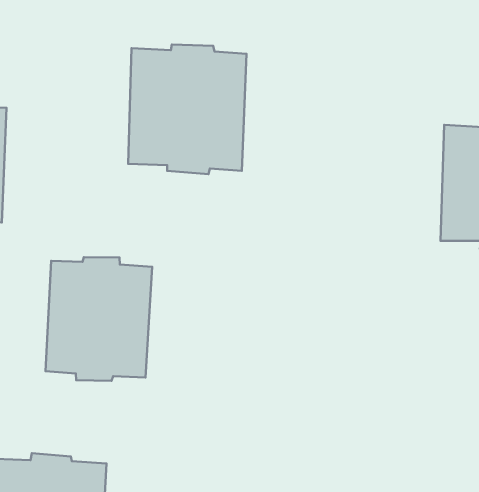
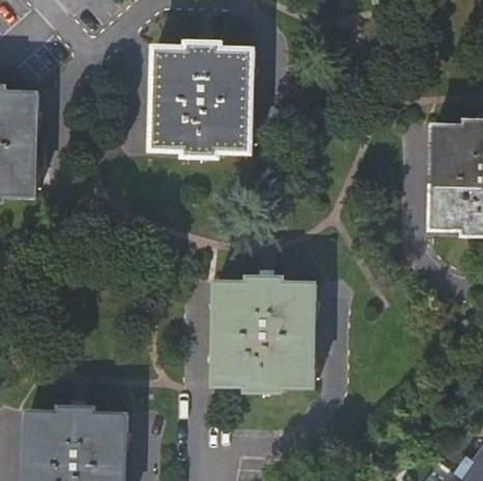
building: [46,257,152,381] -> none
building: none -> [209,279,311,394]

